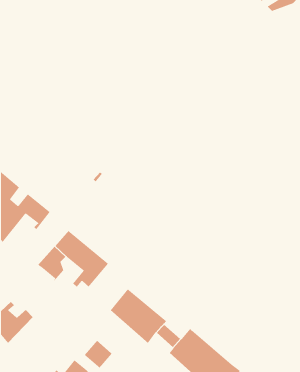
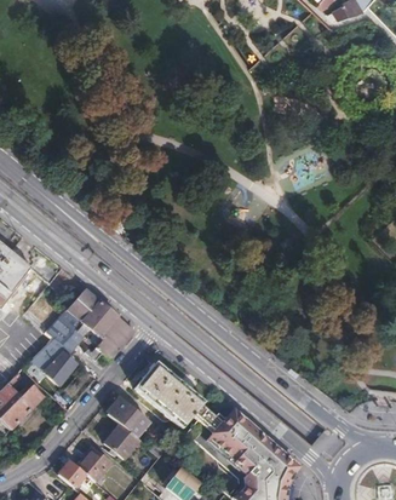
building: none -> [31,338,78,385]
building: none -> [109,400,153,441]

